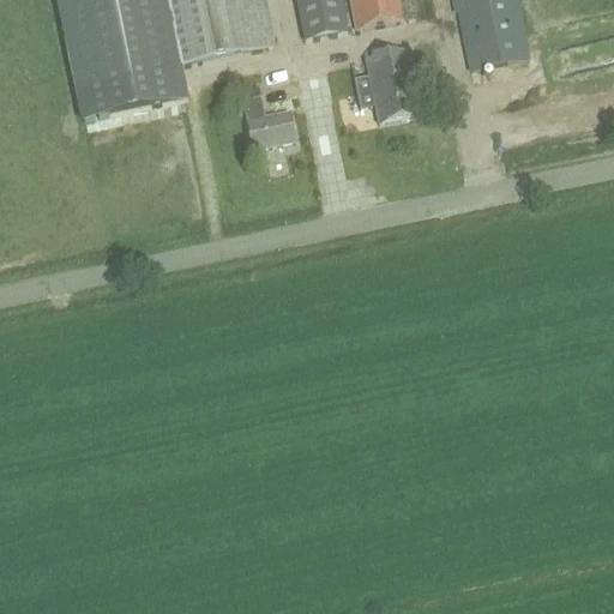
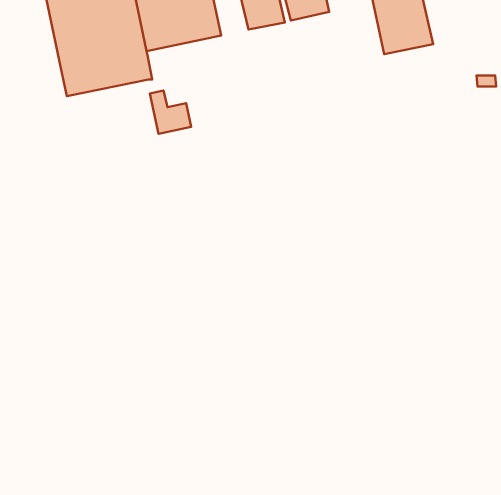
building: [356,49,420,118] -> none
building: [242,92,293,145] -> [150,91,191,134]

